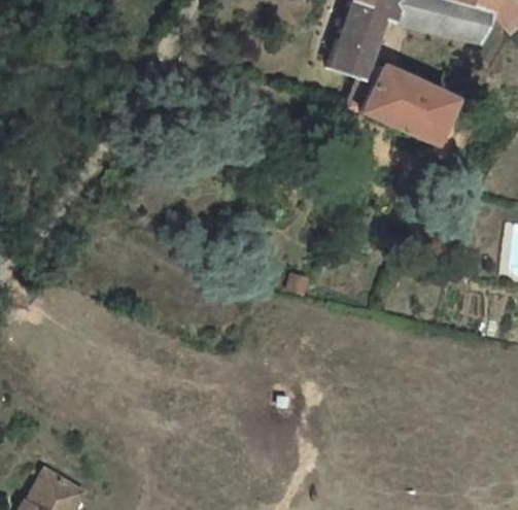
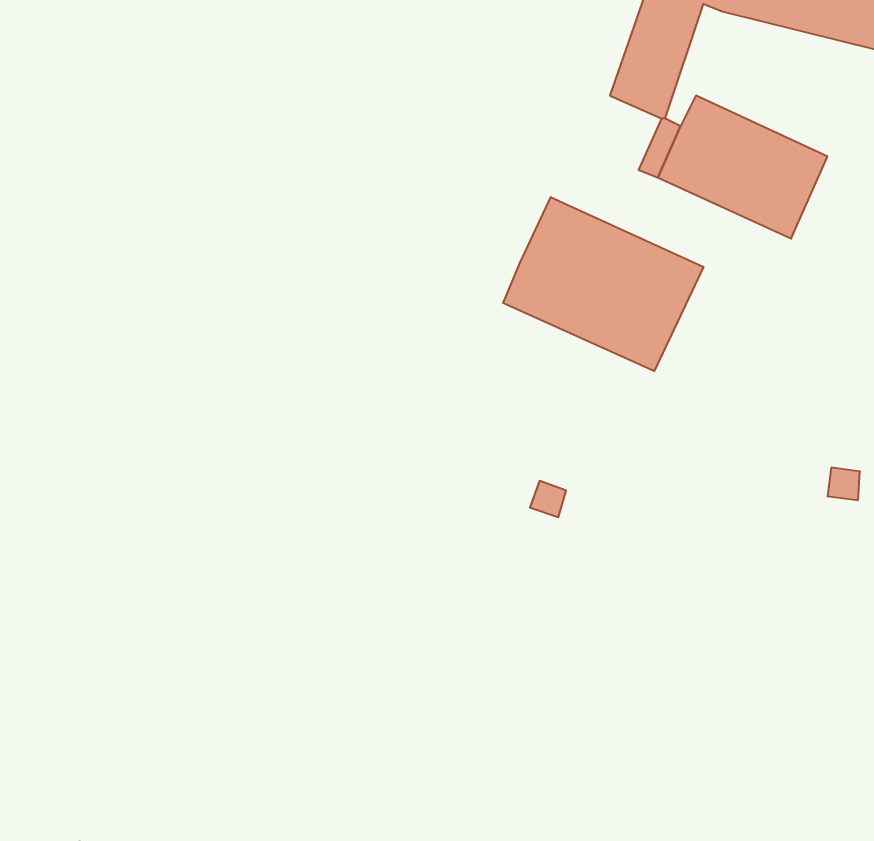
building: none -> [503,197,703,371]

